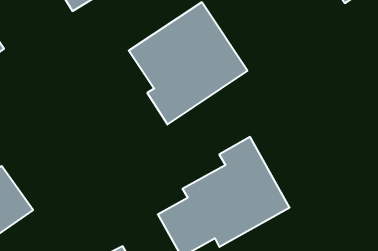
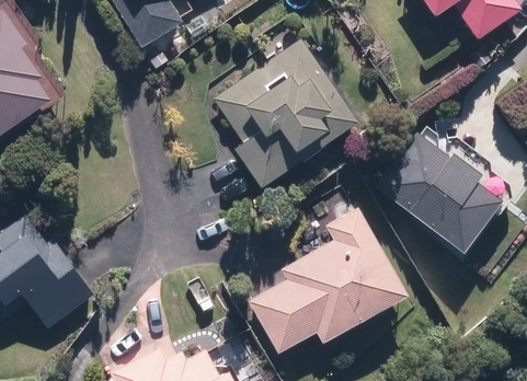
building: none -> [375,126,508,250]

